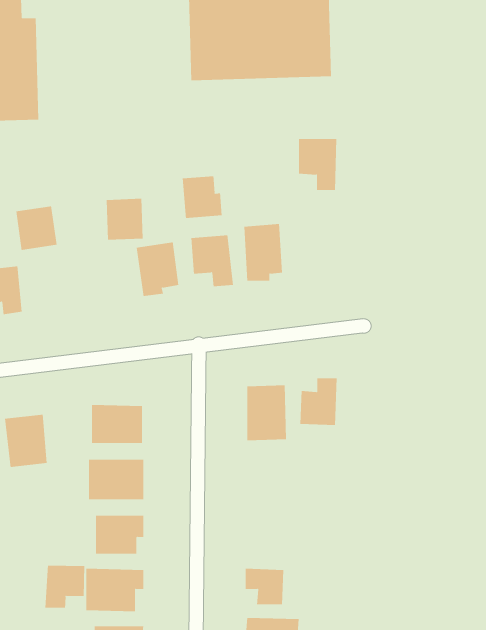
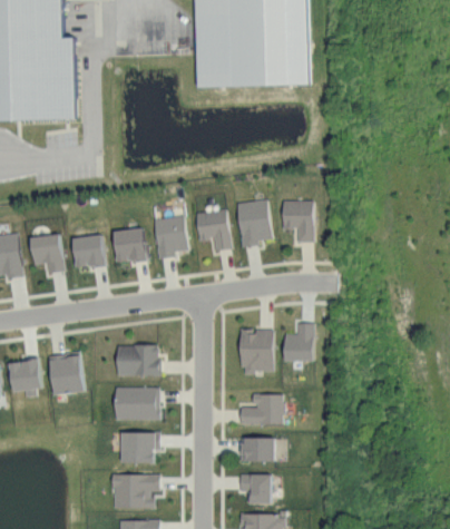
building: [298,139,337,190] -> [282,200,313,242]
building: [182,176,222,219] -> none
building: [106,198,144,240] -> [114,228,144,262]
building: [15,206,57,251] -> [71,234,105,270]
building: none -> [239,393,283,424]
building: none -> [239,438,274,461]
building: [45,565,85,609] -> none

